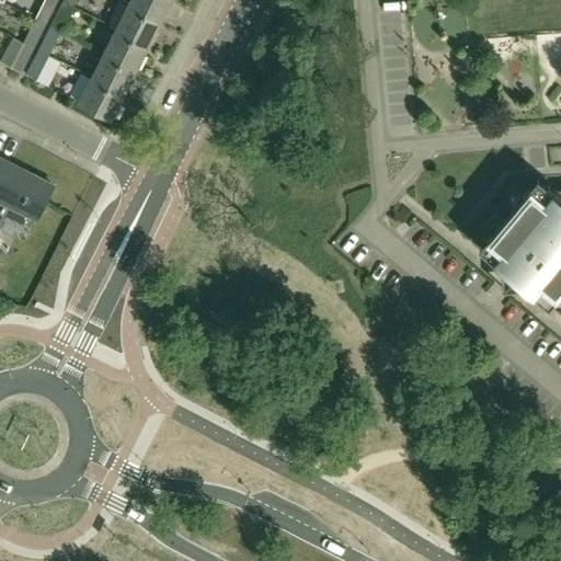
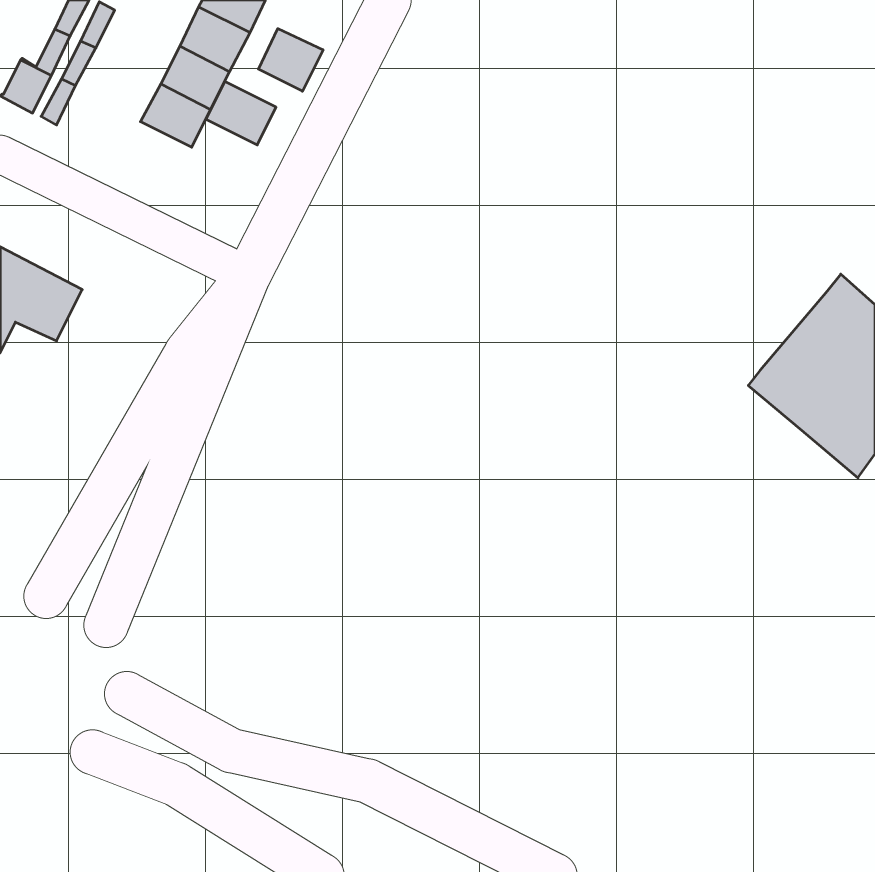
building: none -> [258,29,323,91]
building: [78,80,123,121] -> [206,81,276,145]

